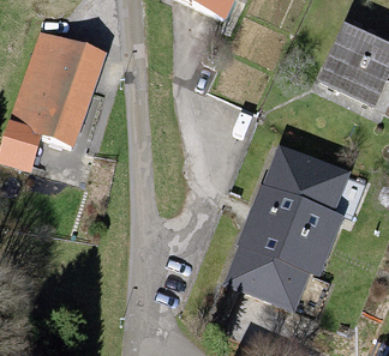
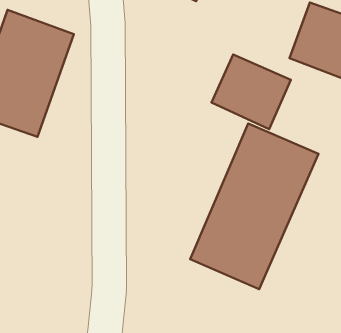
building: none -> [212,55,291,129]

